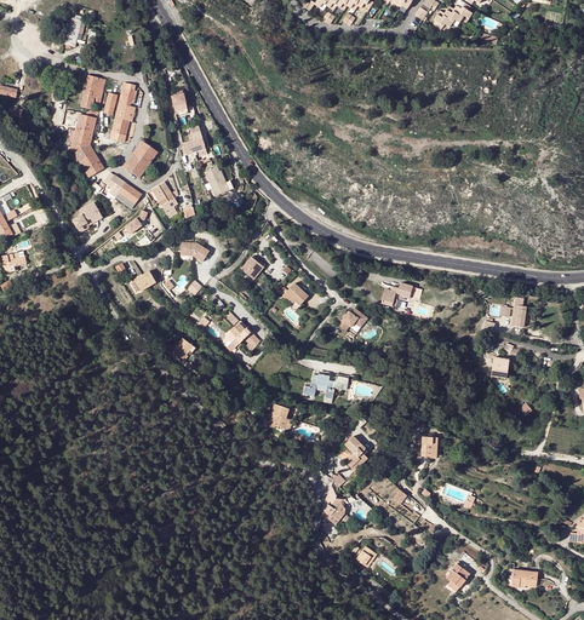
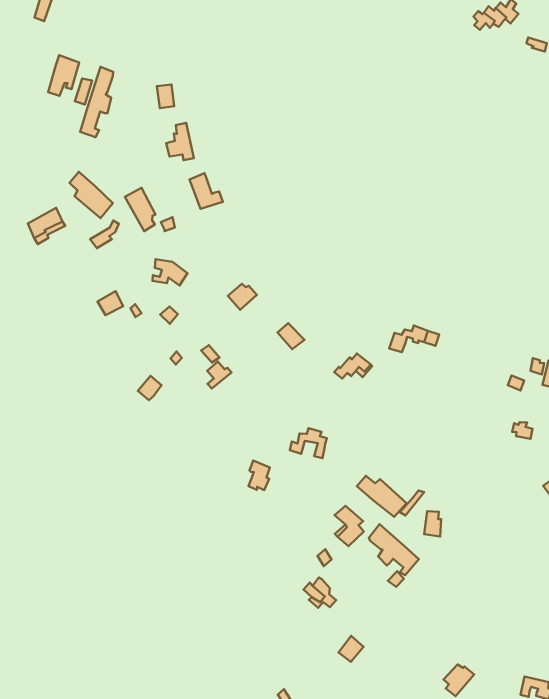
building: [70,108,103,176] -> none
building: [122,140,156,177] -> none
building: none -> [357,476,407,517]
building: none -> [369,524,419,575]

